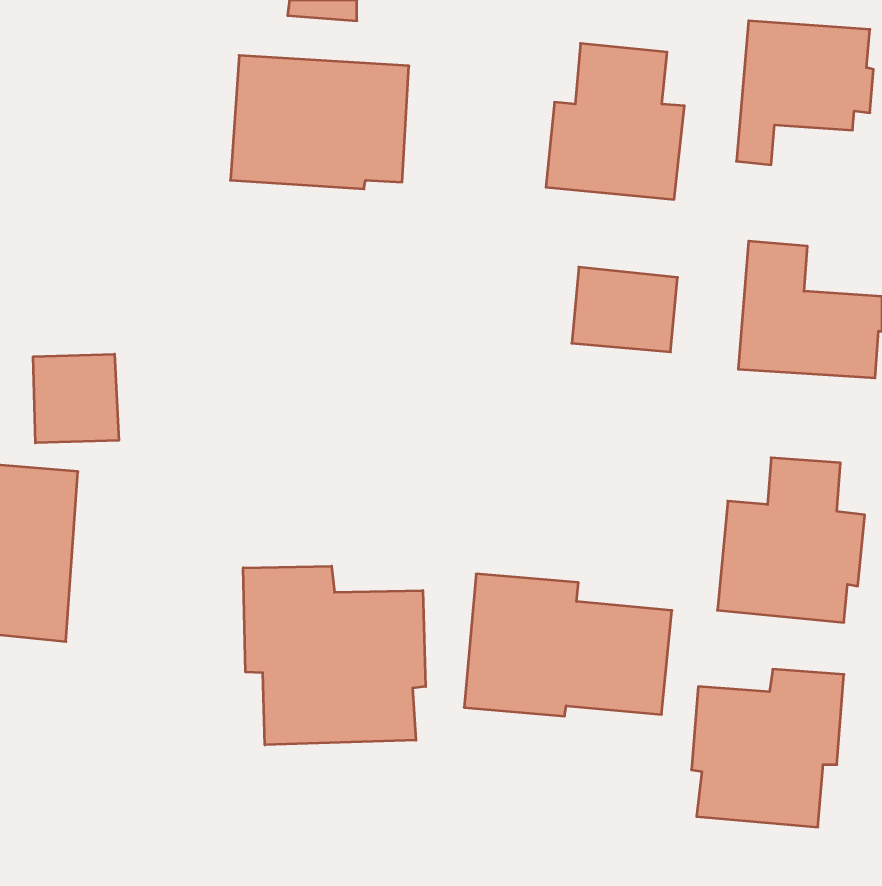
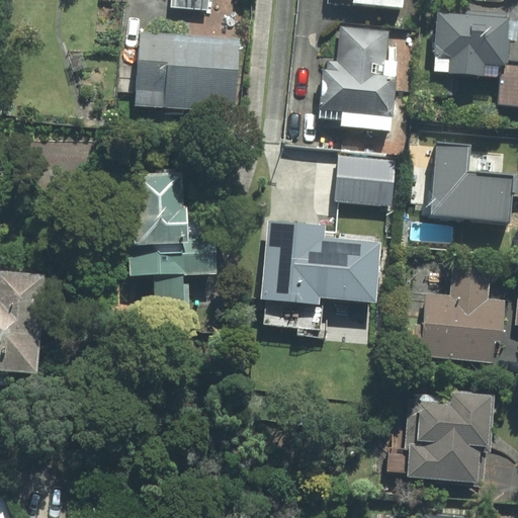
building: none -> [127,172,218,318]
building: [33,354,119,443] -> none
building: [243,566,426,745] -> none
building: [464,574,672,716] -> [260,221,381,304]

